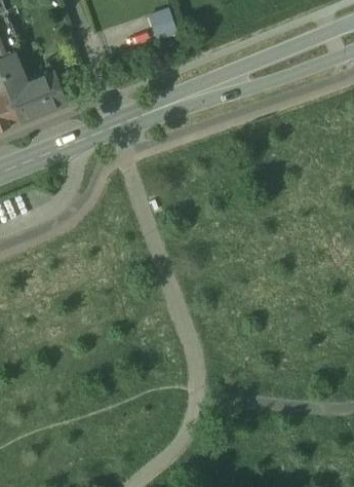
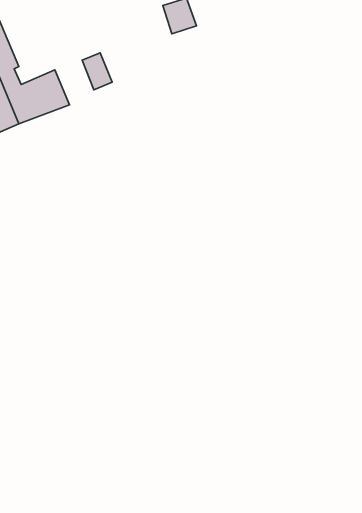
building: none -> [82,53,112,90]

